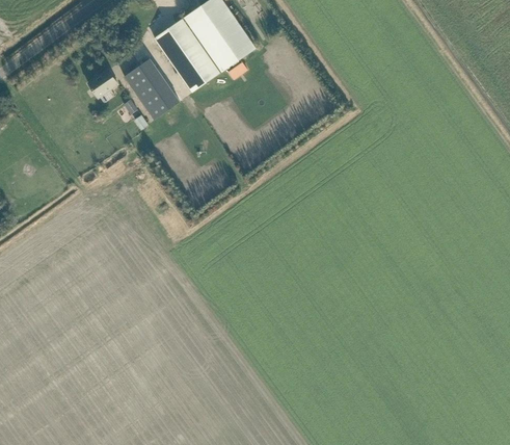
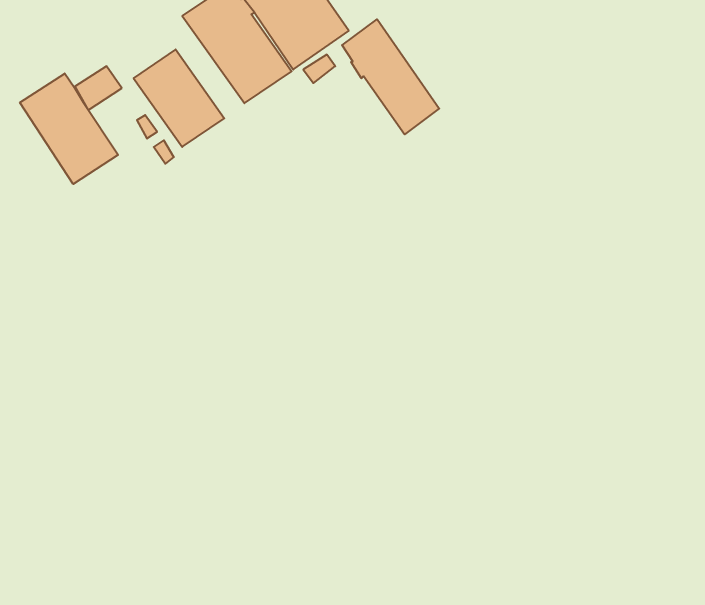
building: none -> [342,19,439,134]
building: none -> [20,73,118,184]

